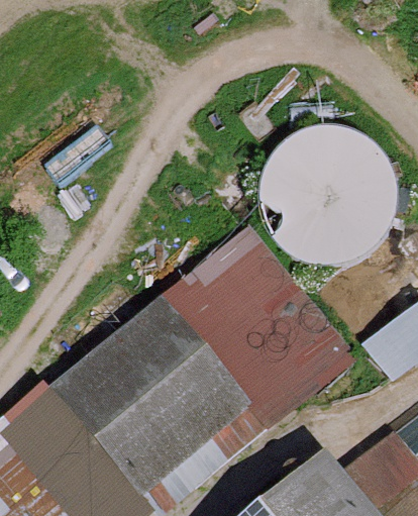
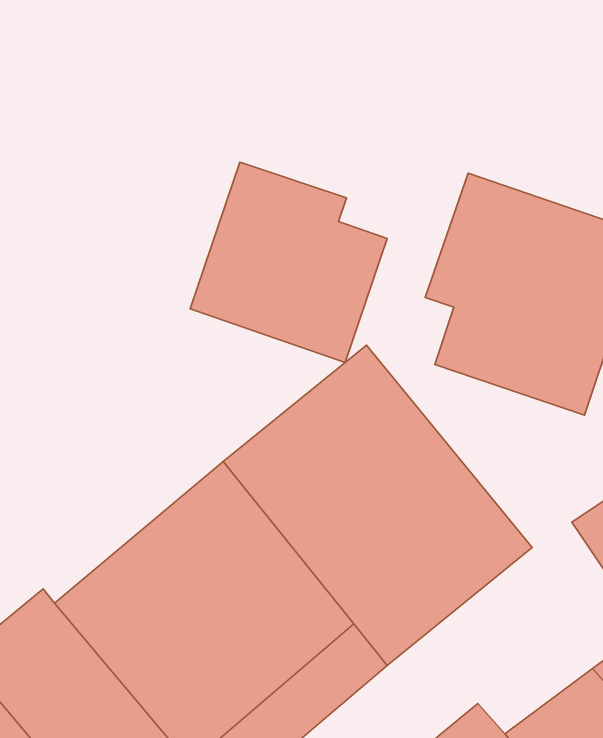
building: none -> [190,162,387,363]

